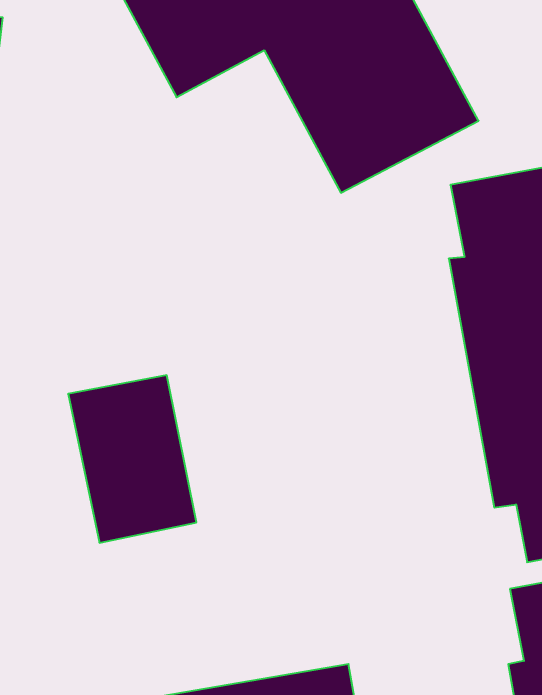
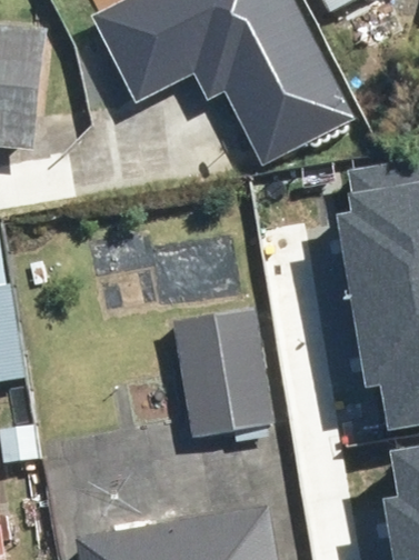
building: [68,375,196,543] -> [173,322,265,441]

